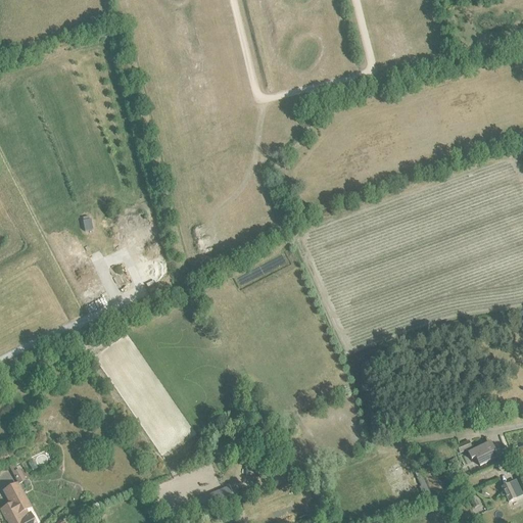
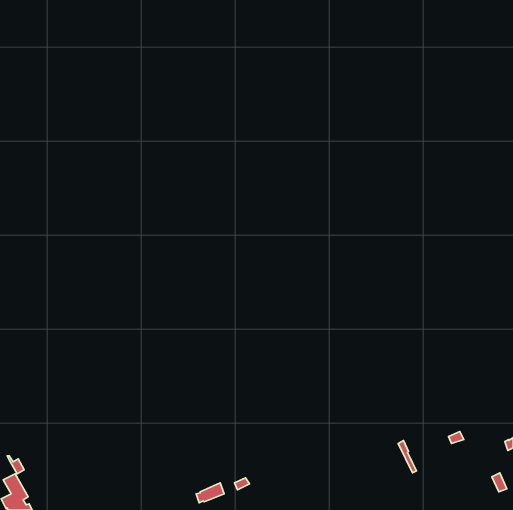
building: [467,439,496,464] -> none

